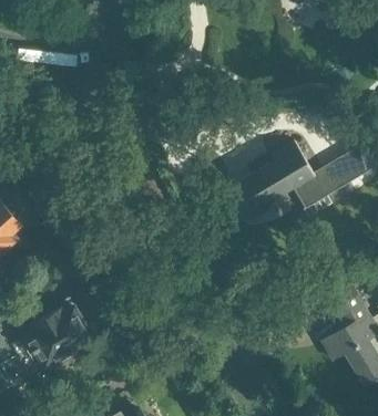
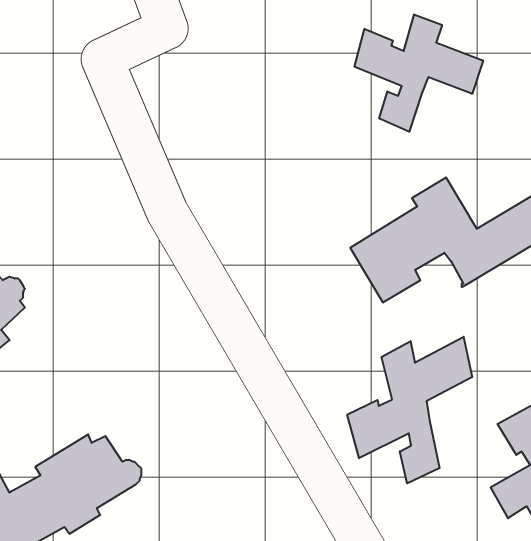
building: none -> [355,14,483,132]
building: none -> [347,337,472,483]

